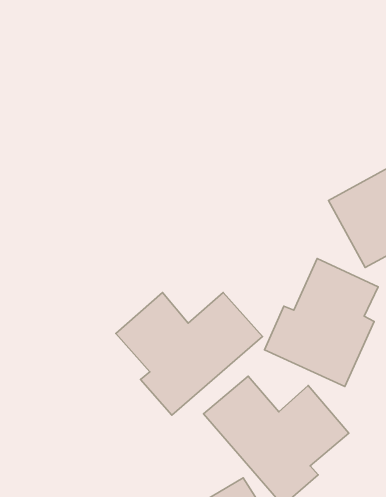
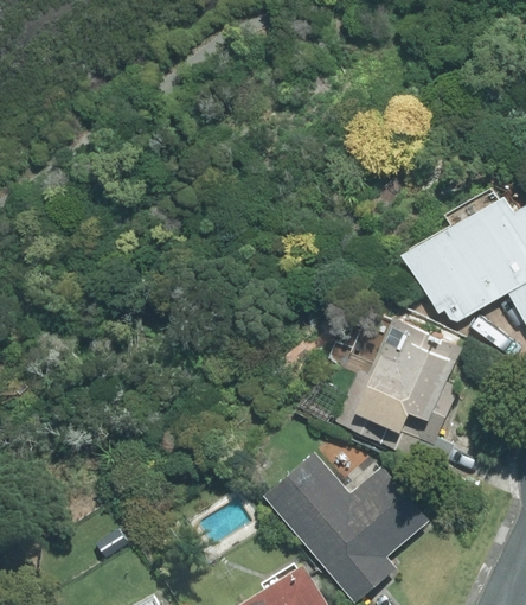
building: [116,292,262,415] -> none

